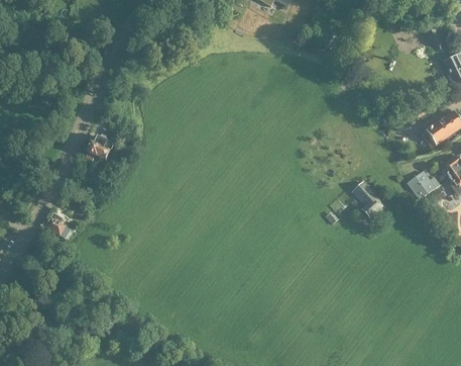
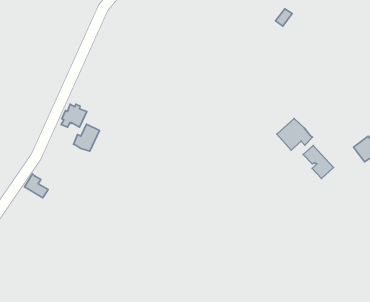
building: none -> [277,118,312,150]
building: none -> [73,124,100,151]

